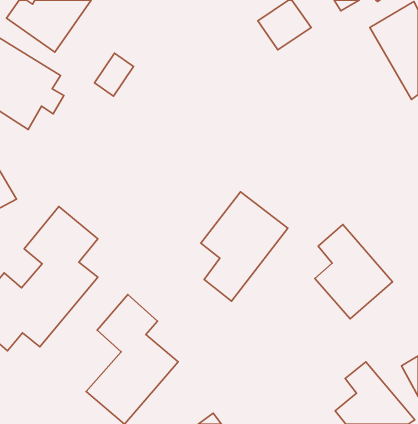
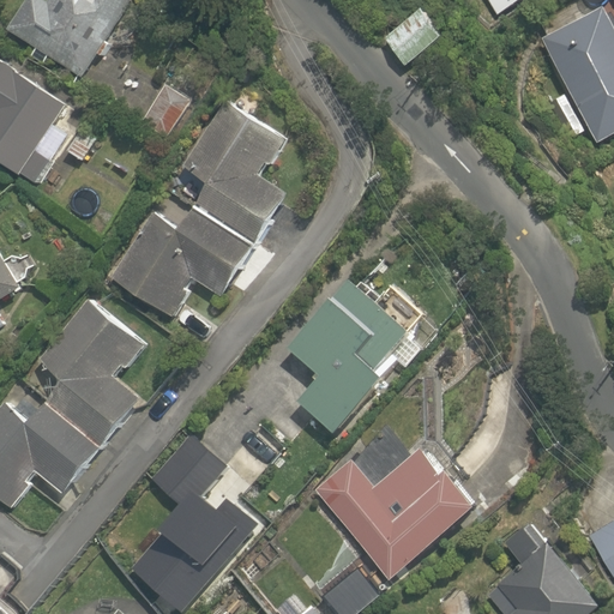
building: none -> [113,102,287,317]
building: [315,224,393,319] -> none
building: none -> [307,435,478,591]

